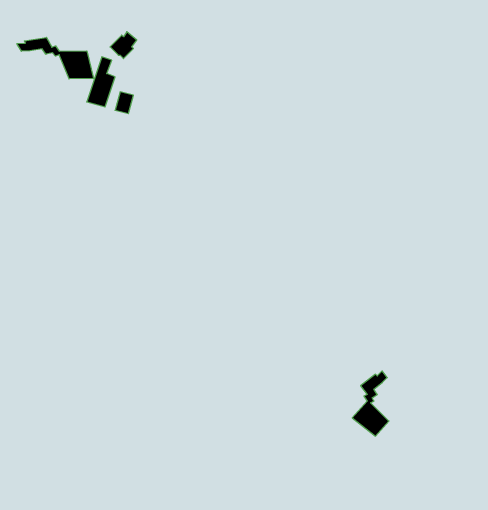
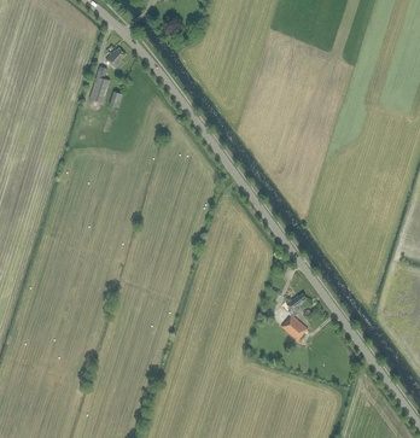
building: [17,37,94,79] -> none

